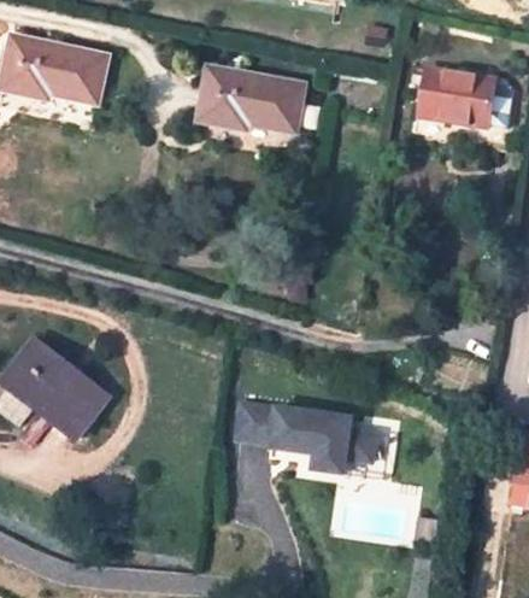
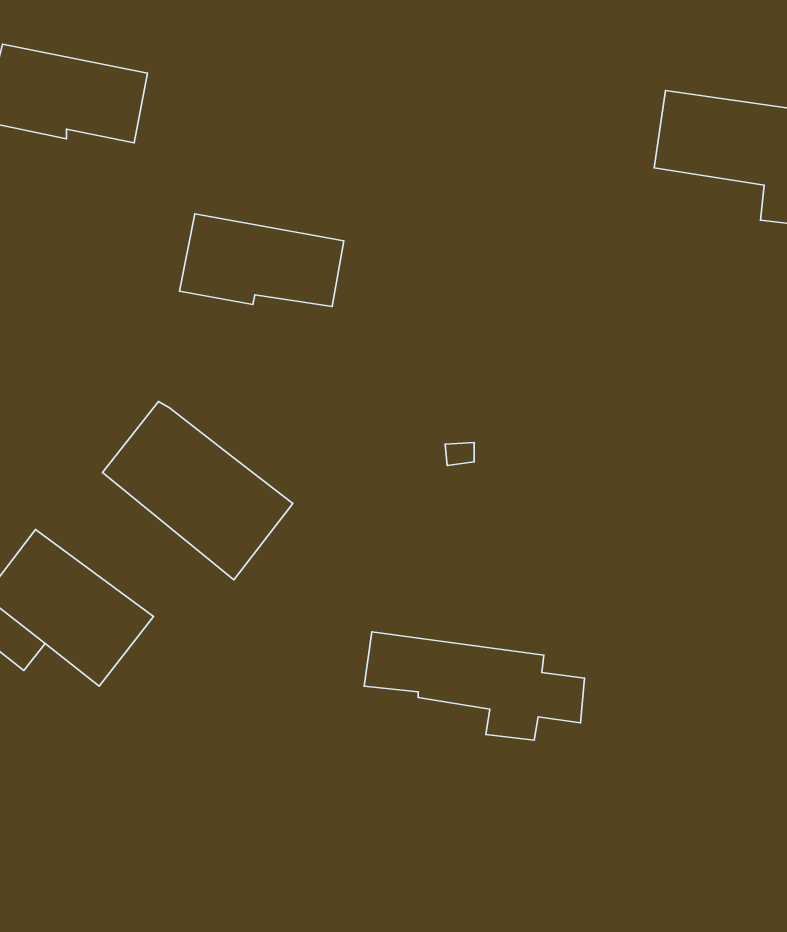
building: [198,68,300,125] -> [179,214,344,307]
building: none -> [102,401,293,580]

